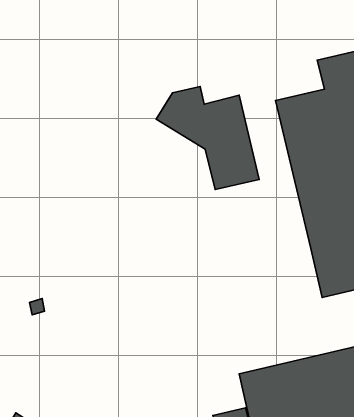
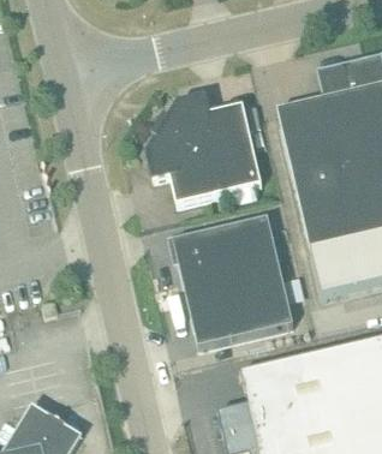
building: none -> [148,126,220,203]
building: none -> [173,216,293,345]

